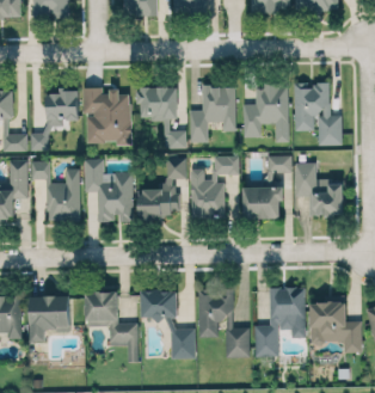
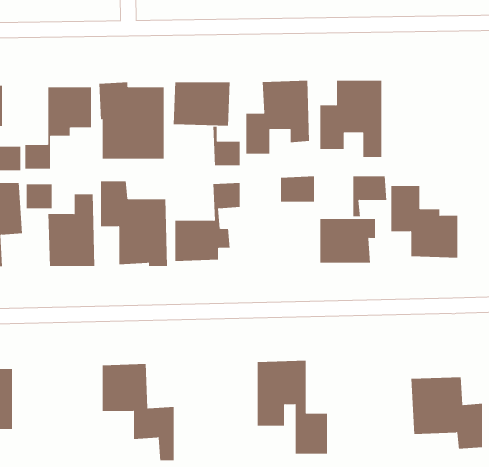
building: [294,82,343,145] -> none
building: [190,168,226,219] -> none
building: [256,287,306,357] -> none
building: [141,290,178,319] -> none
building: [30,295,70,342] -> none
building: [171,328,196,360] -> none

